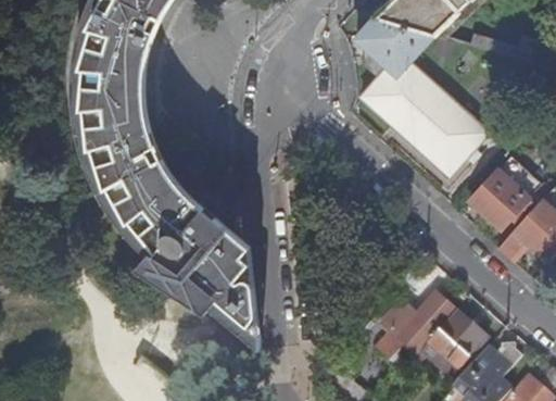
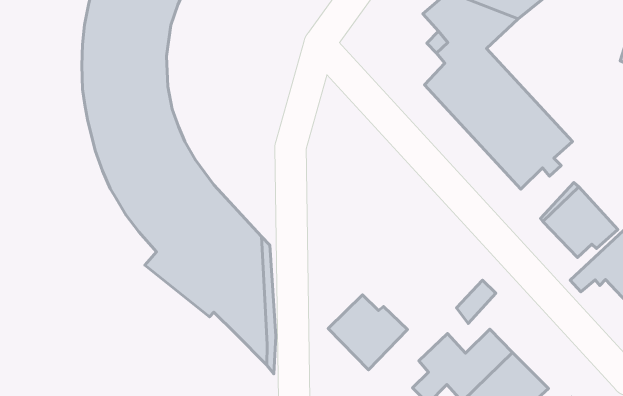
building: none -> [328,295,407,370]

